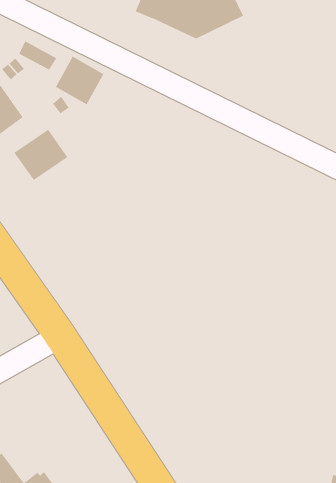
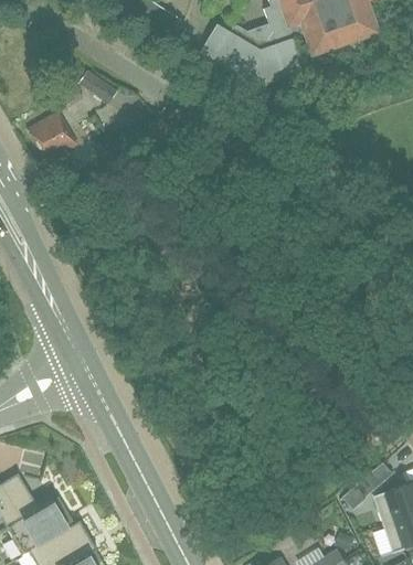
building: [55,56,104,105] -> none
building: [14,129,68,181] -> none

